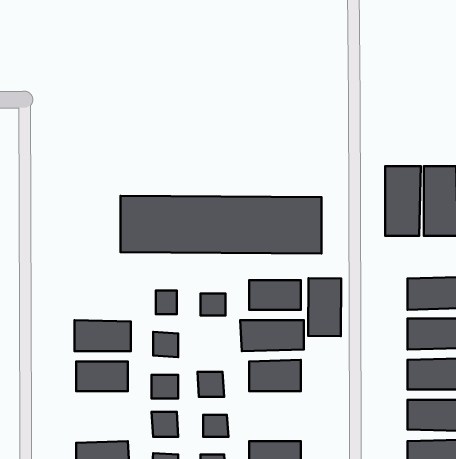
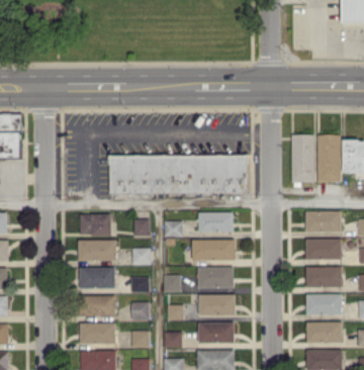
building: [308,278,341,336] -> none
building: none -> [80,214,111,236]
building: none -> [83,295,115,315]
building: none -> [199,295,236,315]

